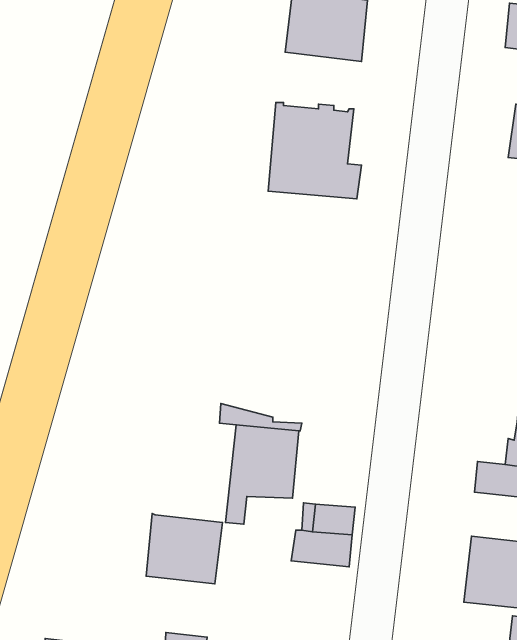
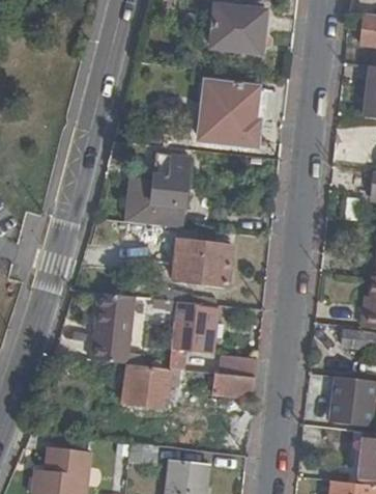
building: none -> [131,155,191,228]
building: none -> [175,242,235,285]
building: none -> [87,291,131,362]

